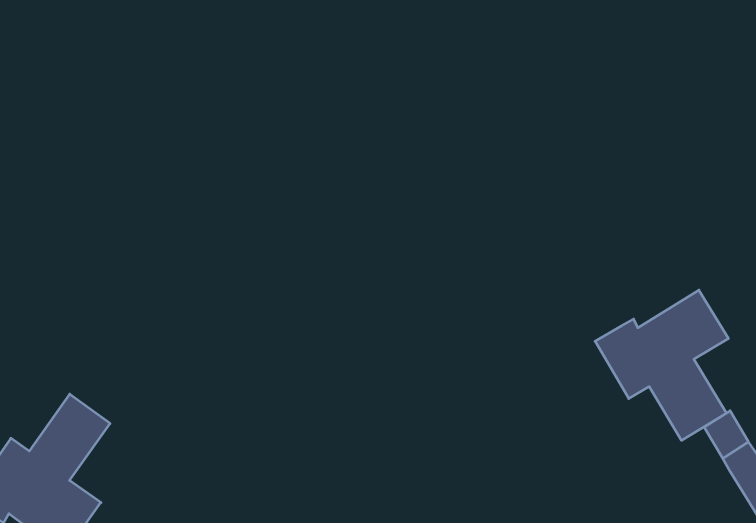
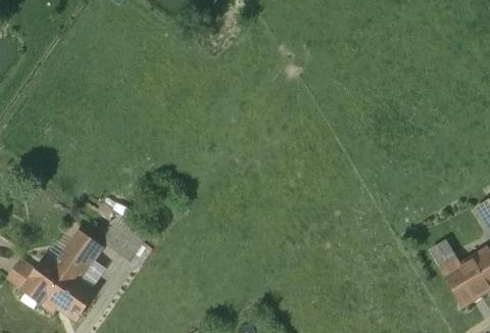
building: [595,290,728,440] -> none
building: none -> [101,222,143,260]

